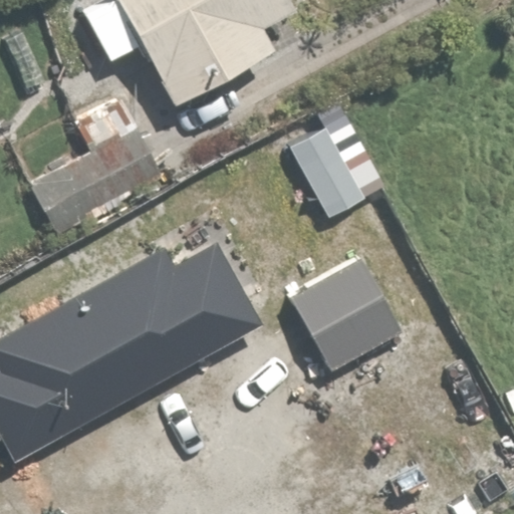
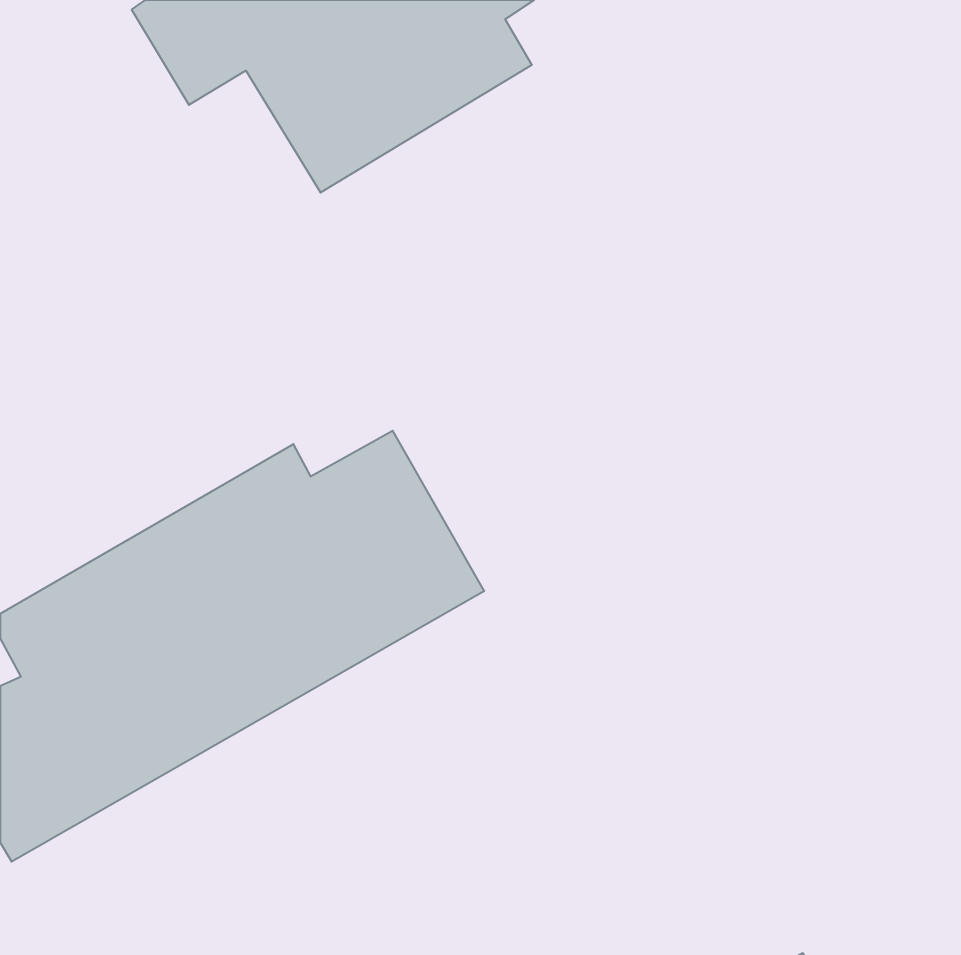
building: [34,104,168,237] -> none
building: [288,258,400,369] -> none

